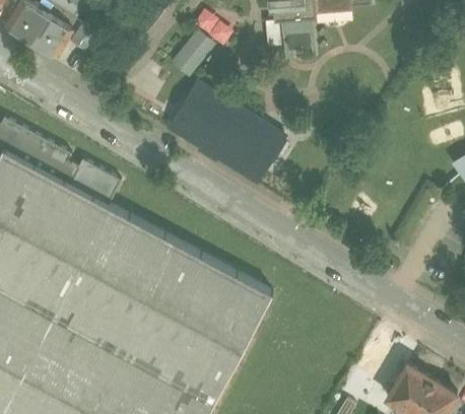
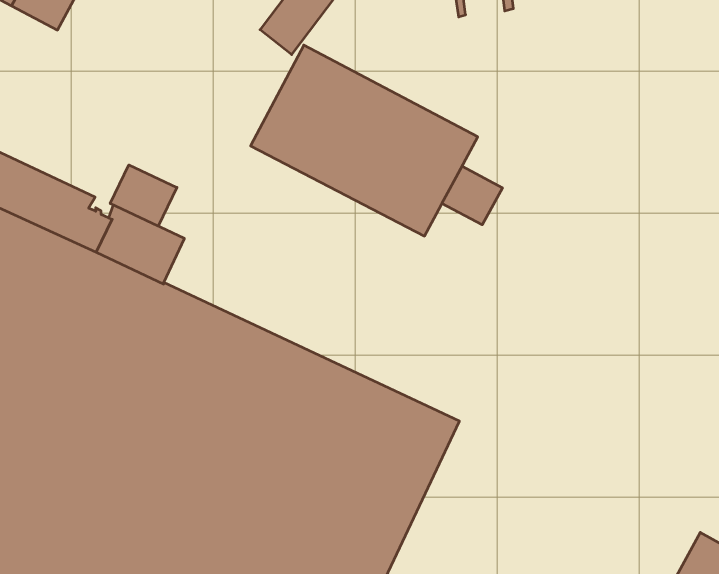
building: none -> [110,165,177,226]
building: none -> [442,166,502,225]

